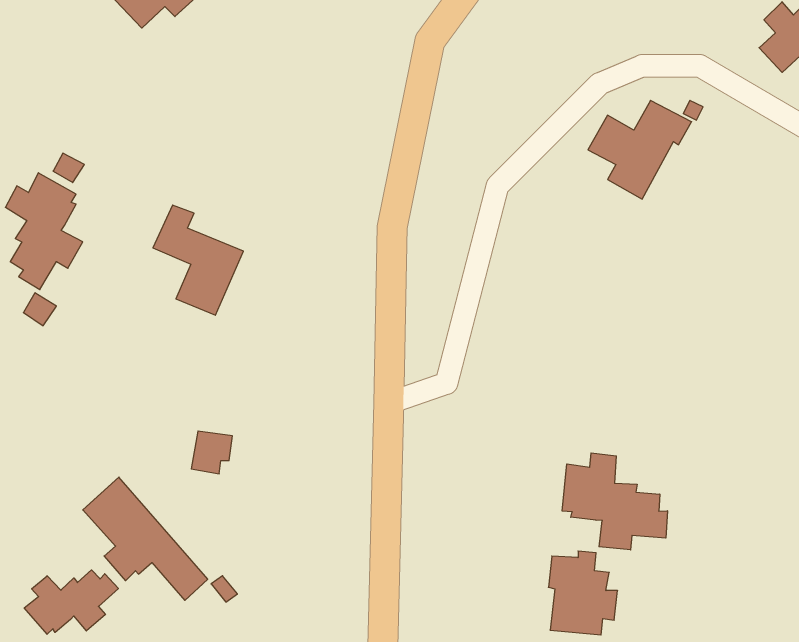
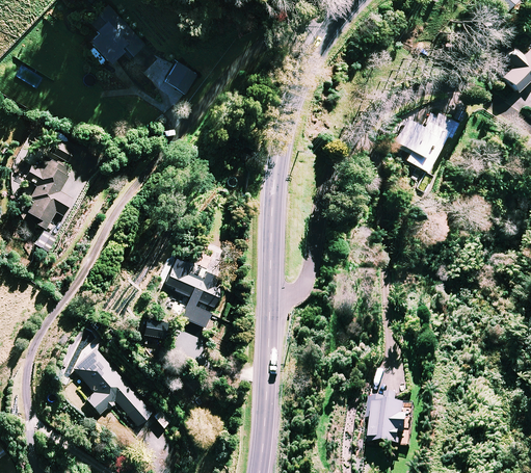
building: [153,205,243,315] -> [165,259,222,329]
building: [562,453,667,550] -> none
building: [24,570,118,634] -> none

